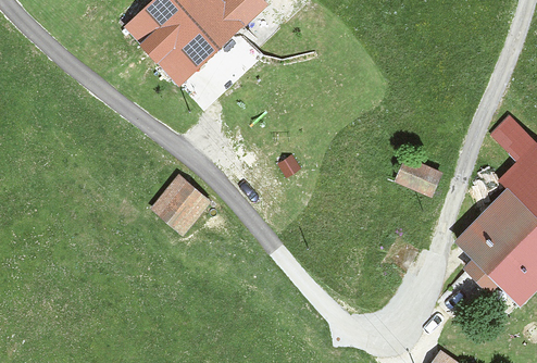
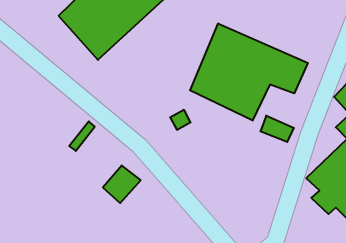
building: none -> [190,23,308,121]
building: [154,179,204,229] -> [103,165,141,203]

